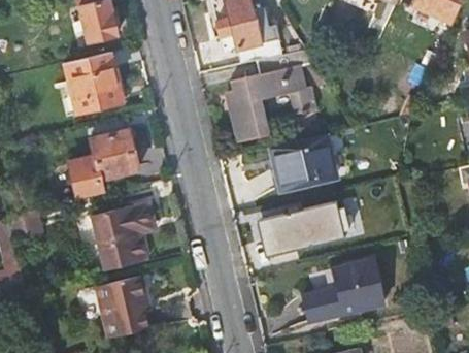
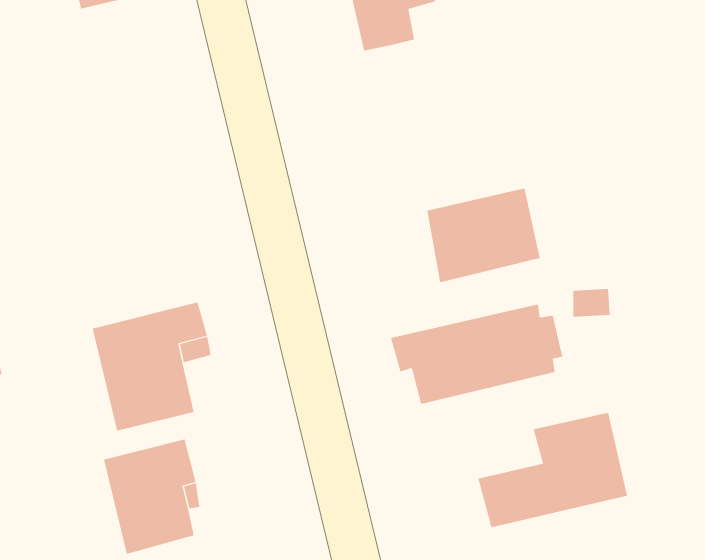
building: [227,49,326,138] -> none
building: [64,51,122,113] -> none
building: [68,130,138,200] -> none

